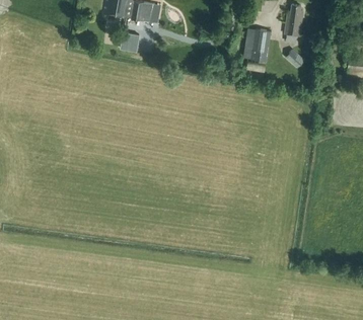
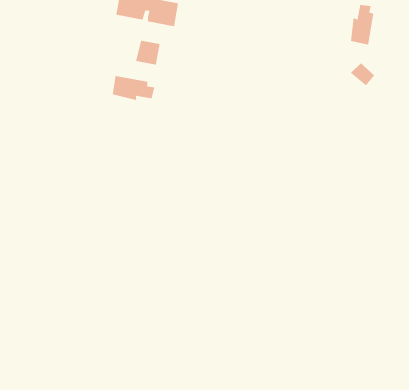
building: [251,30,271,63] -> none
building: none -> [112,75,155,101]

